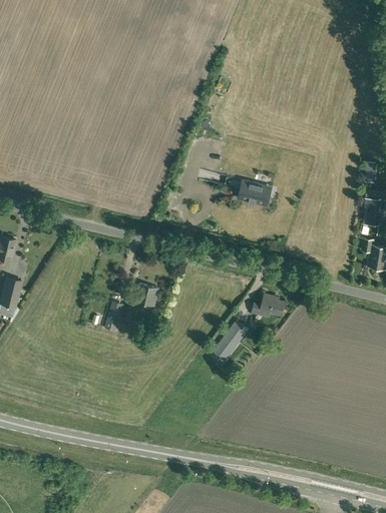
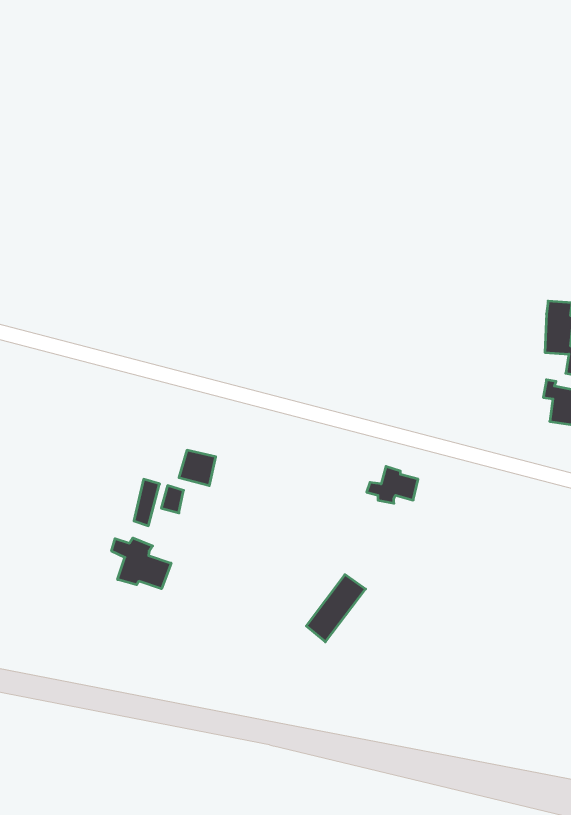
building: [238,179,271,205] -> none
building: [213,319,250,361] -> [306,575,366,642]
building: none -> [112,538,171,589]

